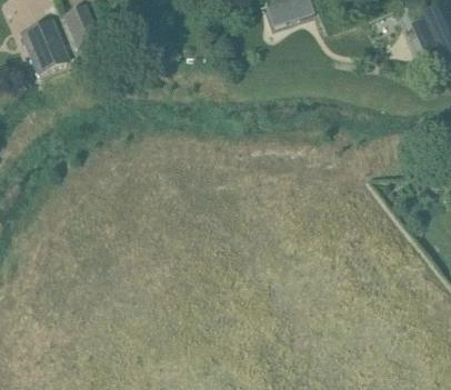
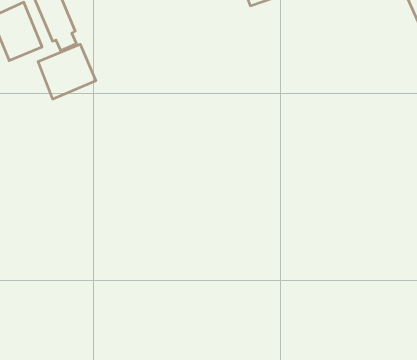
building: none -> [38,44,96,99]

